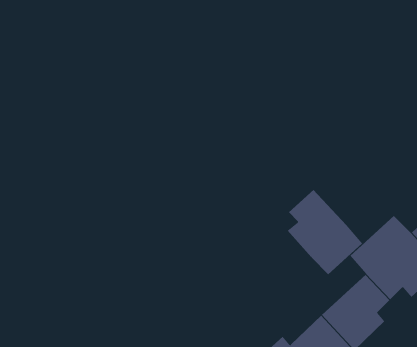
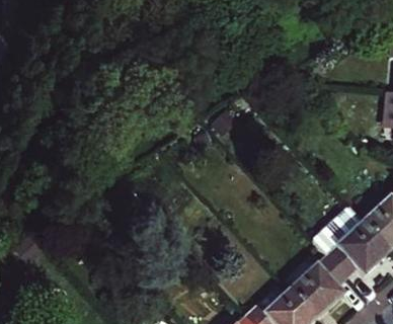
building: [287,189,363,275] -> none

